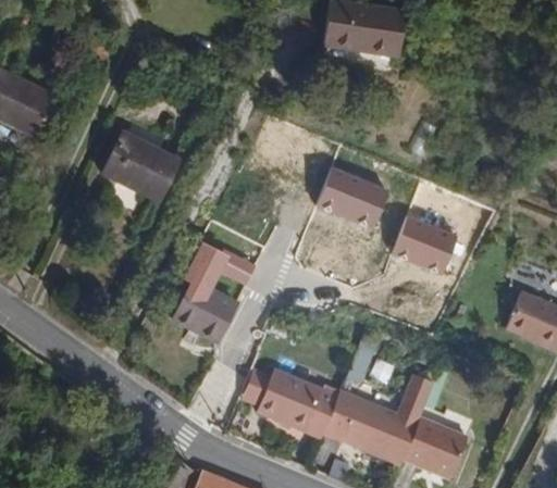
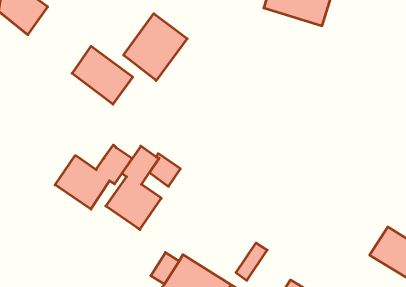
building: none -> [124,14,187,81]
building: [317,167,388,228] -> none
building: [393,218,456,274] -> none
building: none -> [55,145,132,209]

